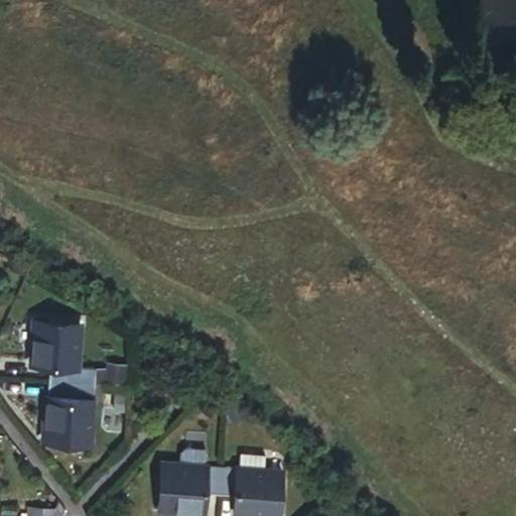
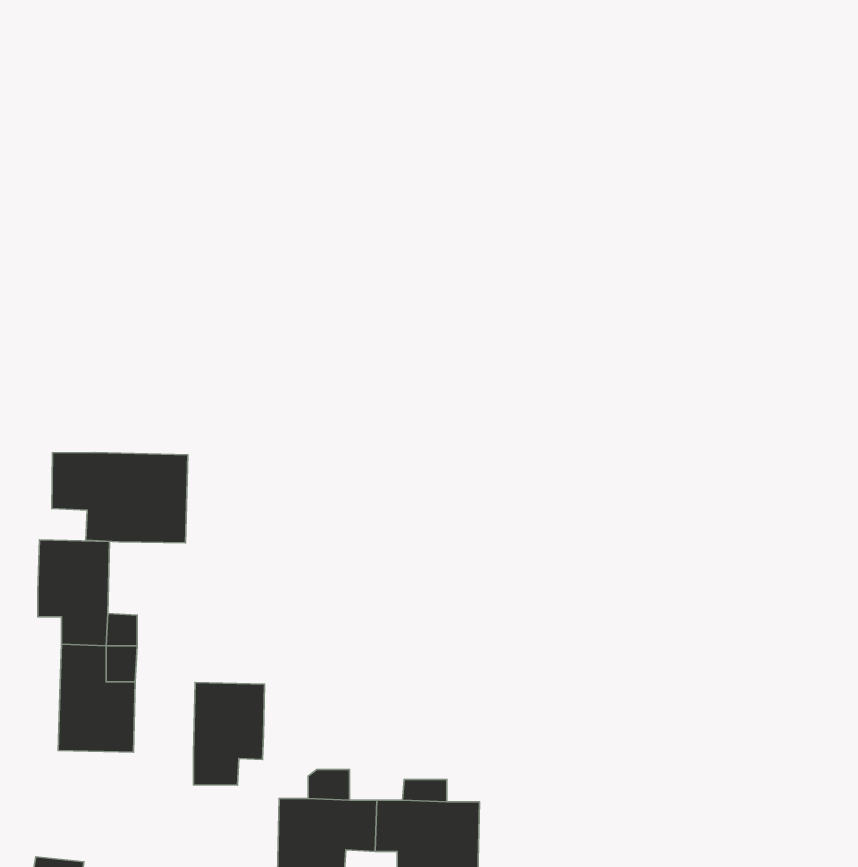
building: none -> [52,453,188,543]
building: none -> [194,682,264,785]

